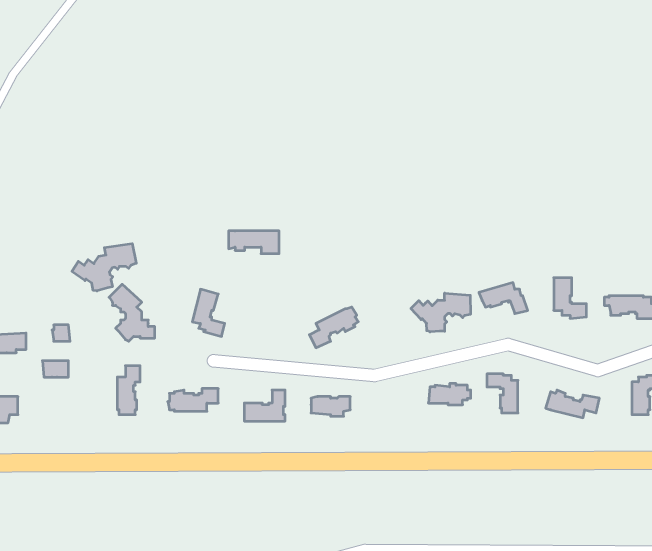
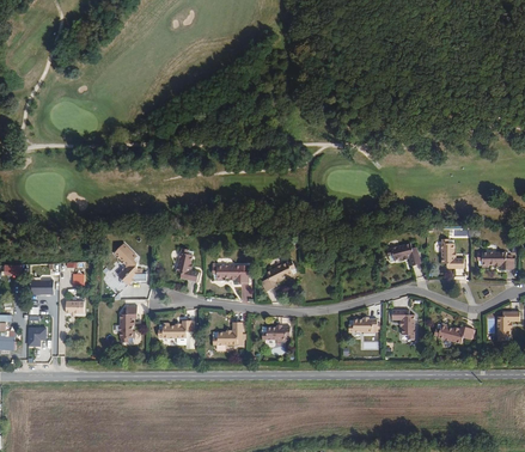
building: [229,231,279,254] -> [212,264,249,281]
building: [72,244,136,291] -> none
building: [411,293,470,332] -> none

